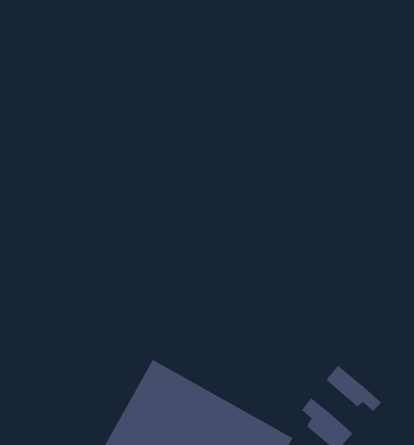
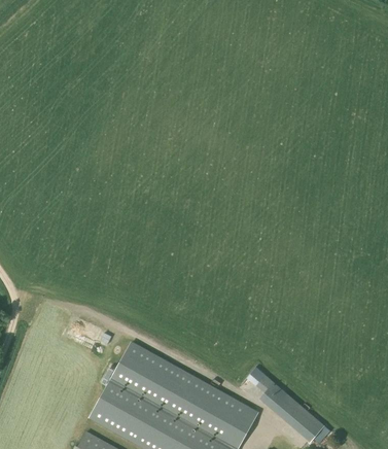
building: [326,365,382,412] -> none

